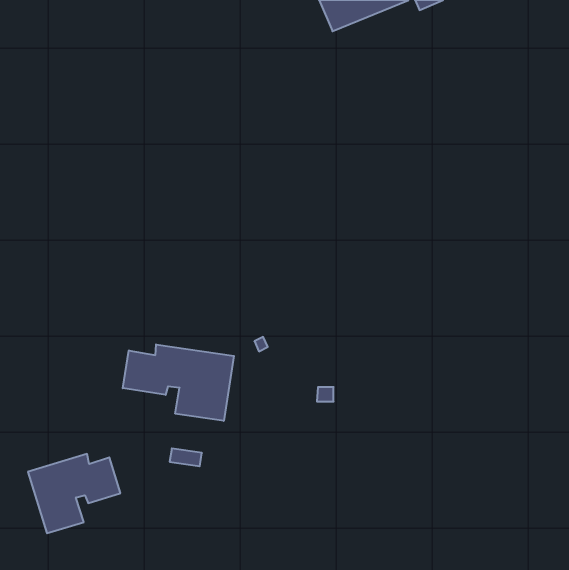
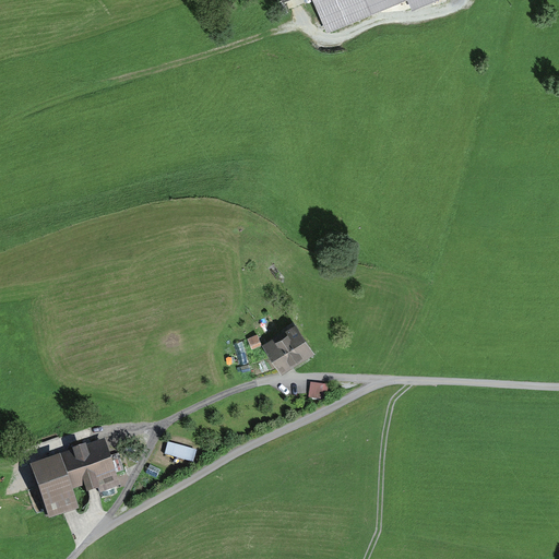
building: none -> [261,320,313,371]
building: [123,344,234,421] -> none

